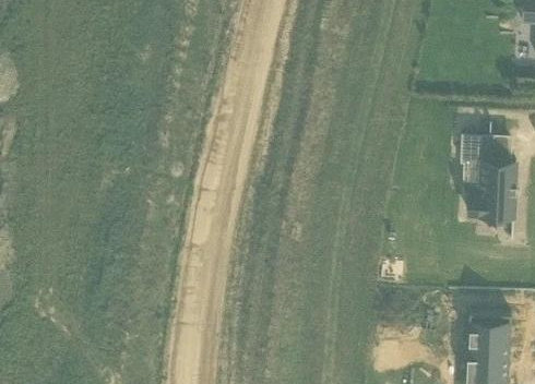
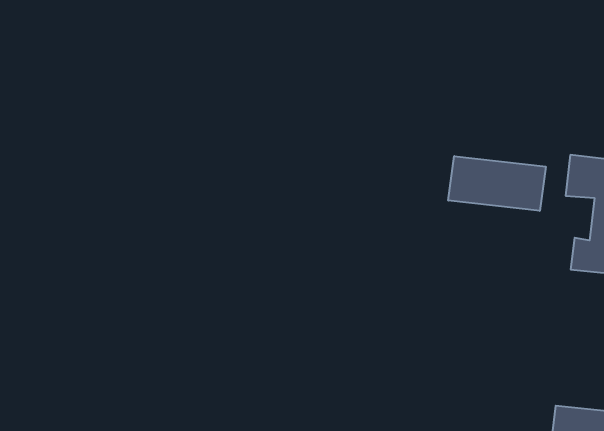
building: none -> [448,156,546,211]

